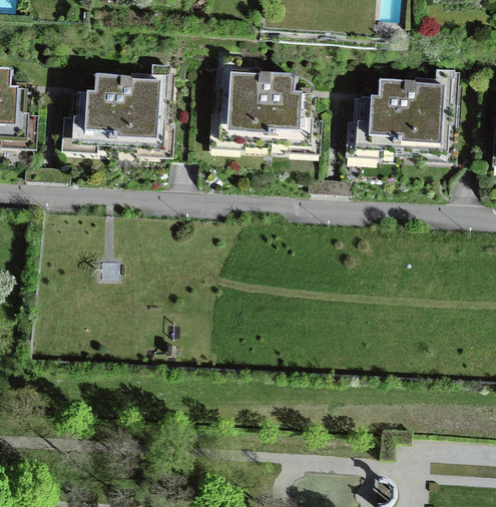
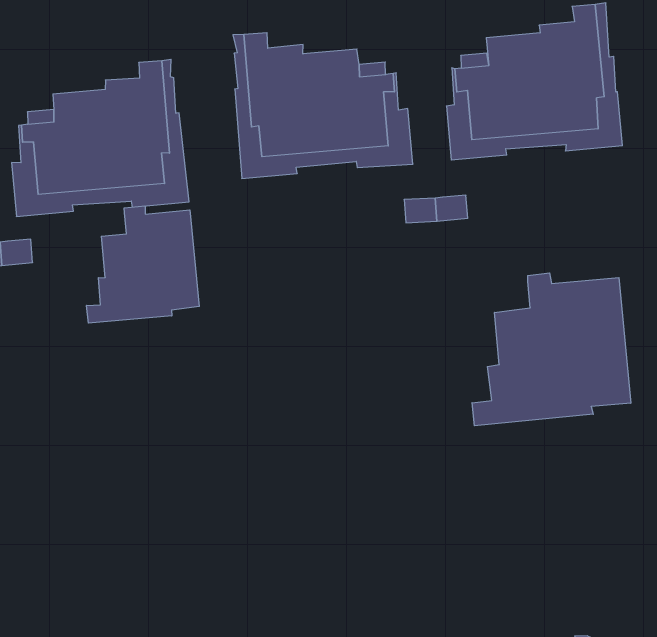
building: none -> [87,206,199,323]
building: none -> [472,273,631,426]

